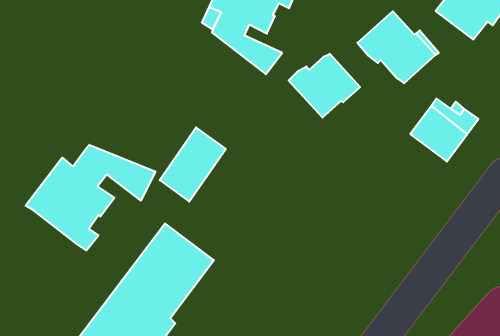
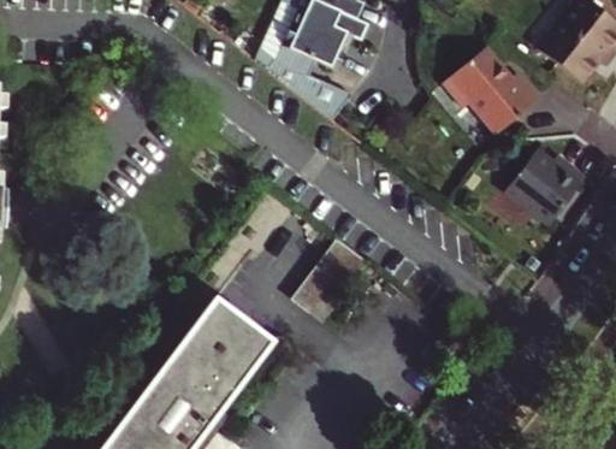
building: [289,54,360,118] -> none
building: [160,127,226,202] -> [297,234,375,321]
building: [26,145,155,250] -> none

